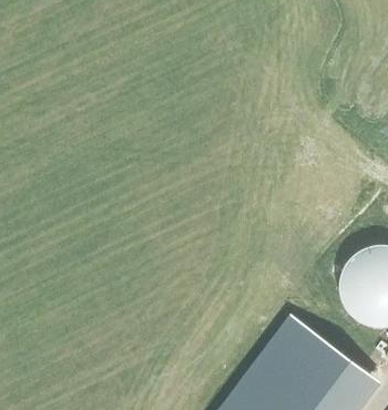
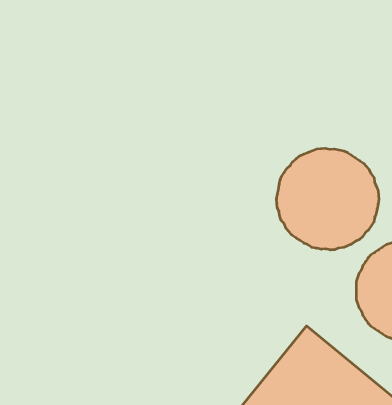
building: none -> [277,148,379,250]

